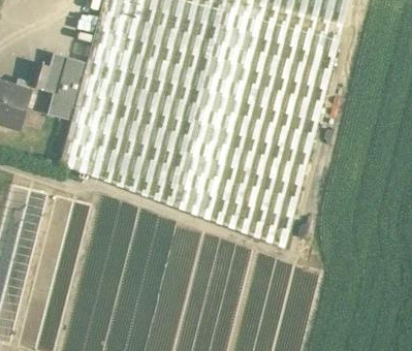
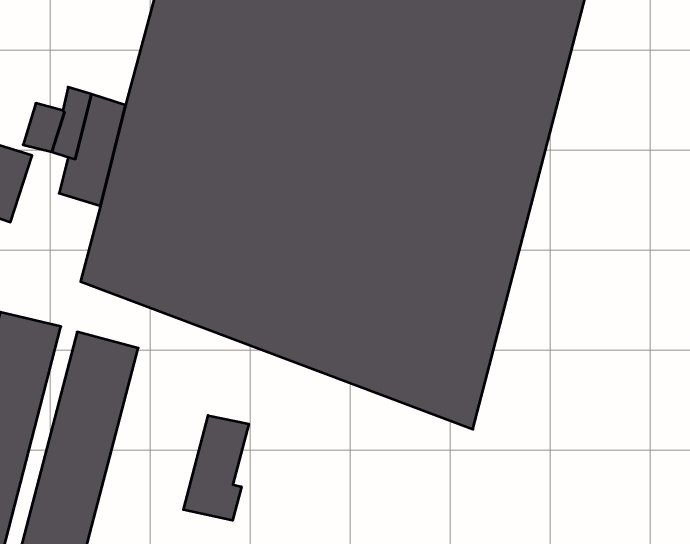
building: none -> [183,415,249,520]

